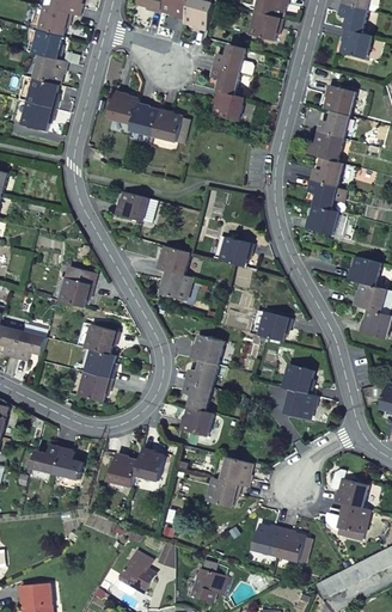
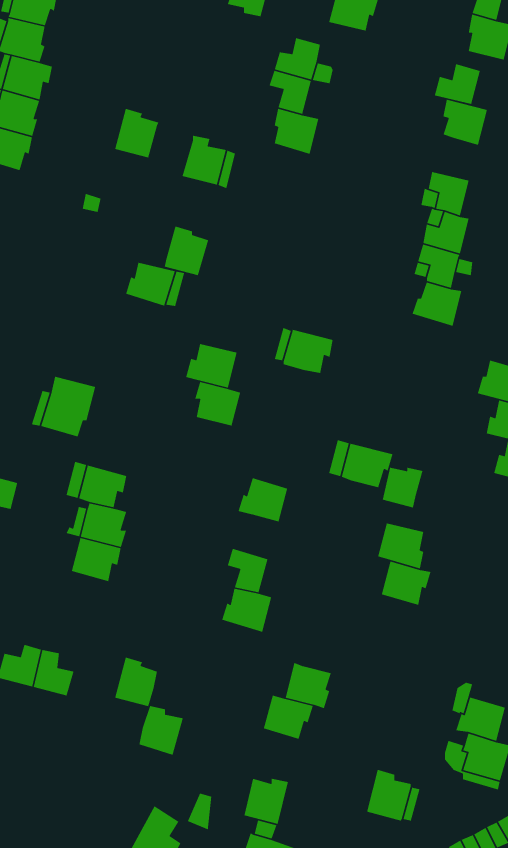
building: [130,102,160,135] -> [164,225,209,276]
building: [318,110,349,137] -> [434,63,481,105]
building: none -> [382,467,423,509]
building: [186,359,218,387] -> none
building: [135,447,165,481] -> [139,705,184,756]
building: [252,524,282,555] -> [244,778,289,825]

